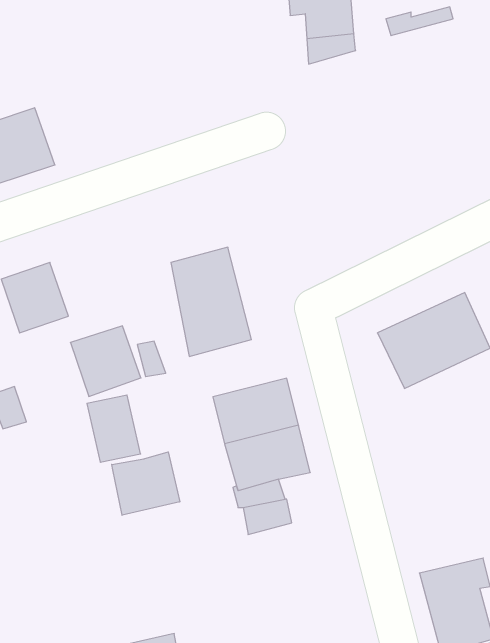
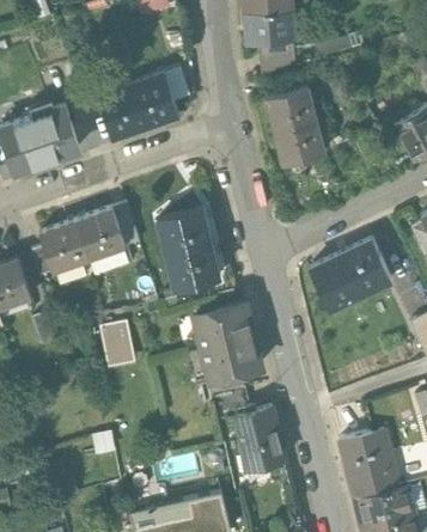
building: none -> [100,77,178,139]
building: none -> [264,88,323,166]
building: [70,326,141,396] -> [75,208,126,258]
building: [112,452,180,515] -> none
building: none -> [231,408,283,467]

